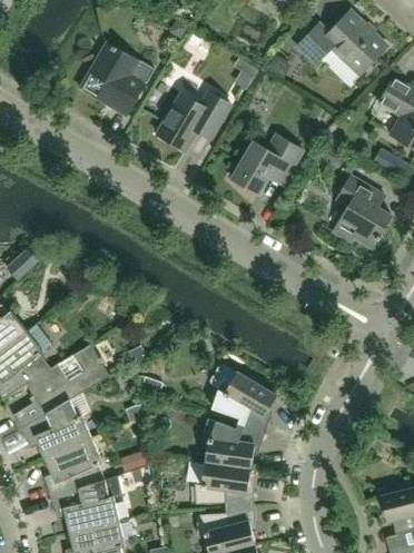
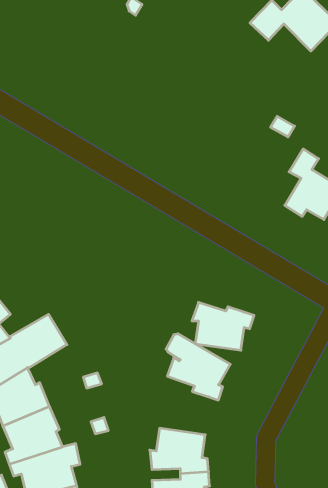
building: [79,42,154,116] -> none
building: [156,91,230,151] -> none
building: [231,135,303,195] -> none
building: [200,419,264,468] -> [192,302,254,350]

